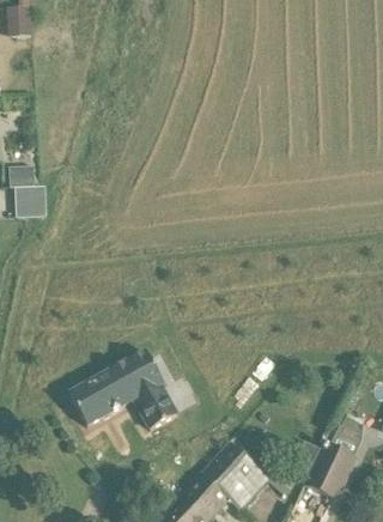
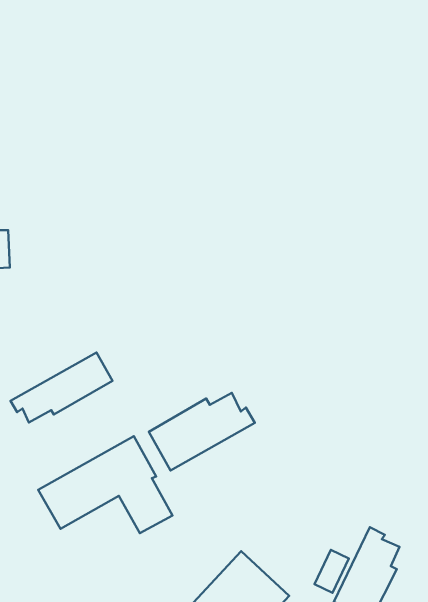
building: none -> [11,353,113,422]
building: none -> [149,393,255,470]

